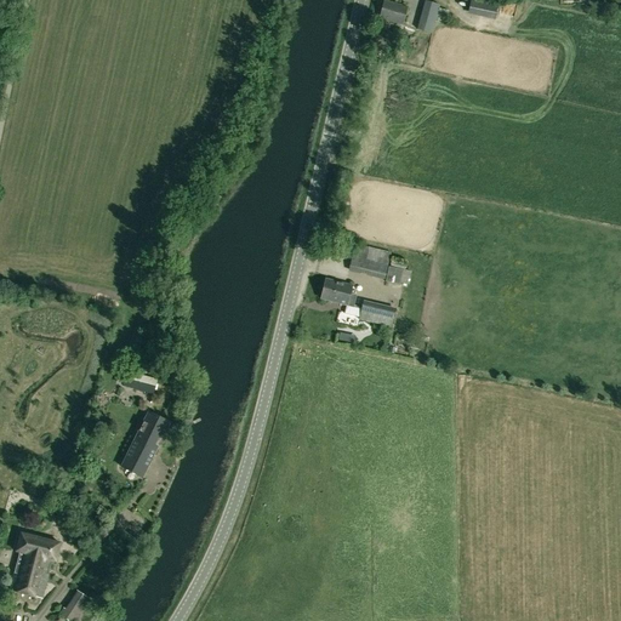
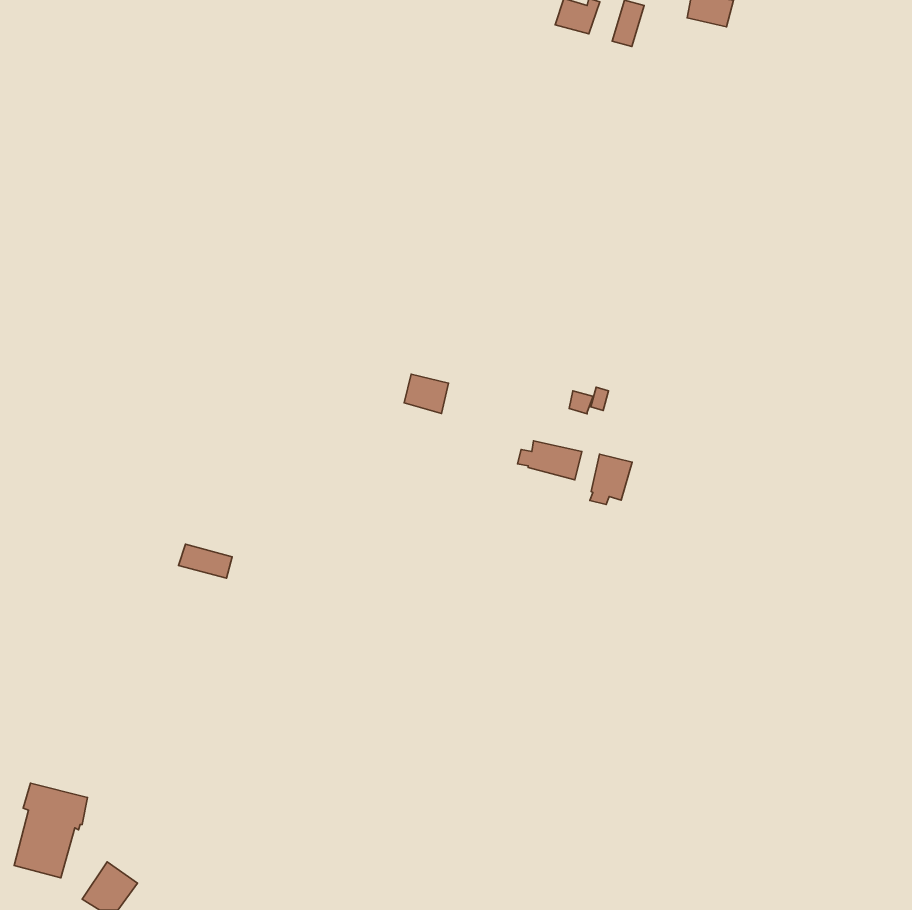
building: [348,249,389,279] -> none
building: [321,278,352,304] -> [404,374,449,414]
building: none -> [590,454,632,505]
building: [121,411,169,475] -> none

